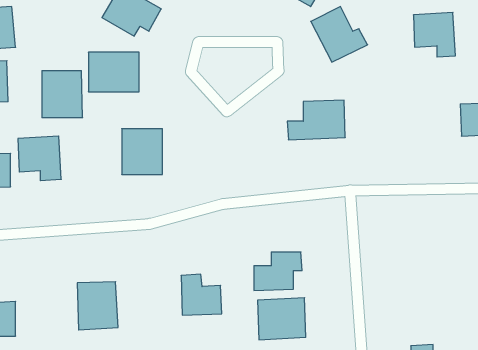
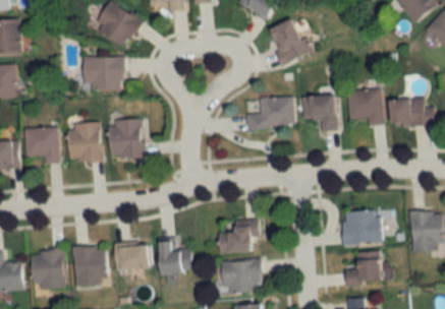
building: [413,12,455,57] -> [348,88,383,125]
building: [42,71,83,118] -> [68,122,102,161]
building: none -> [302,95,336,130]
building: none -> [342,210,381,244]
building: none -> [115,244,148,269]
building: none -> [33,250,63,289]
building: none -> [345,251,381,286]

